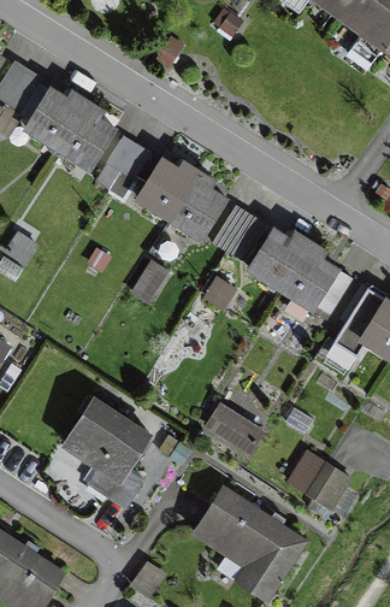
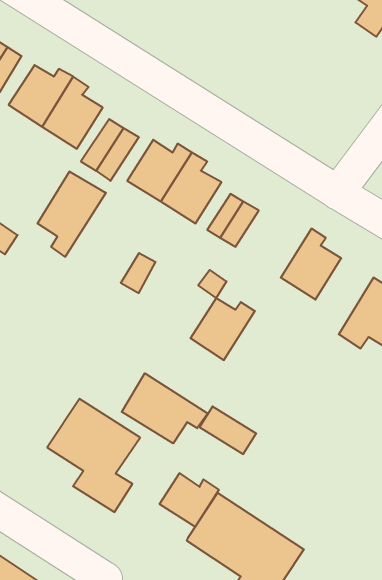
building: none -> [38,171,106,257]
building: [250,229,311,287] -> [190,298,255,360]
building: none -> [122,373,208,443]
building: [290,454,348,507] -> none
building: none -> [160,473,219,527]

